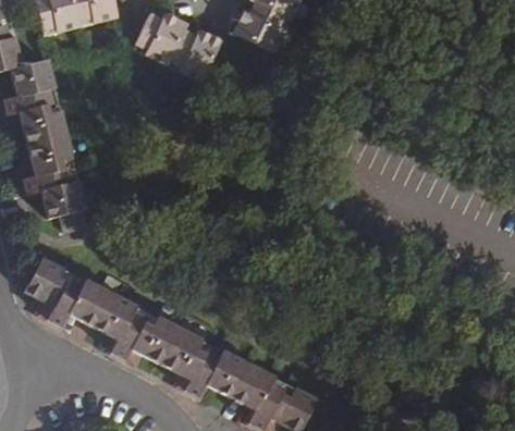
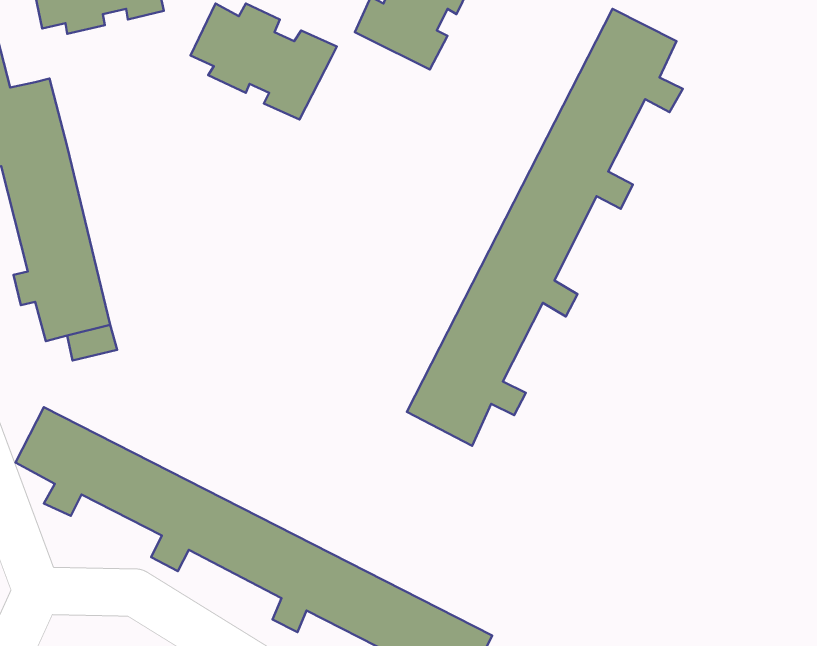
building: none -> [407,9,683,446]

